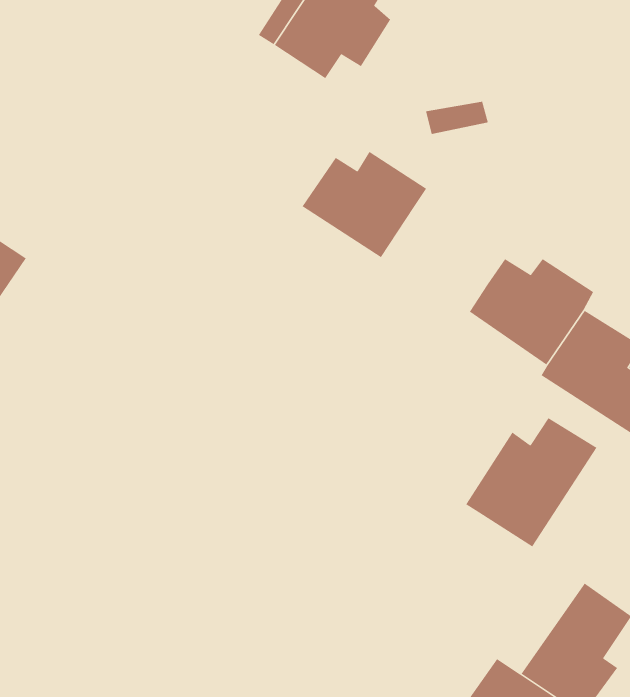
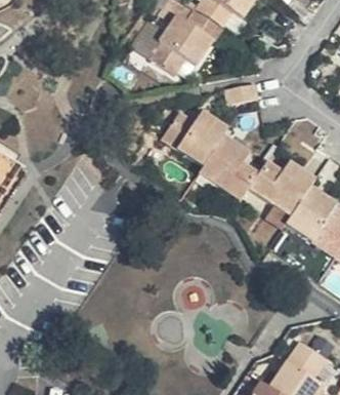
building: none -> [197,137,259,204]
building: [465,417,598,548] -> none

